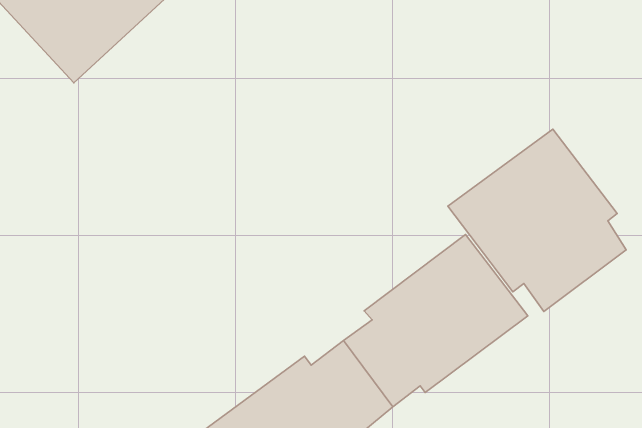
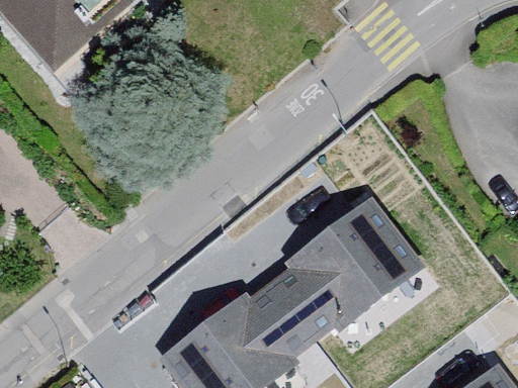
building: [448,129,626,311] -> none

